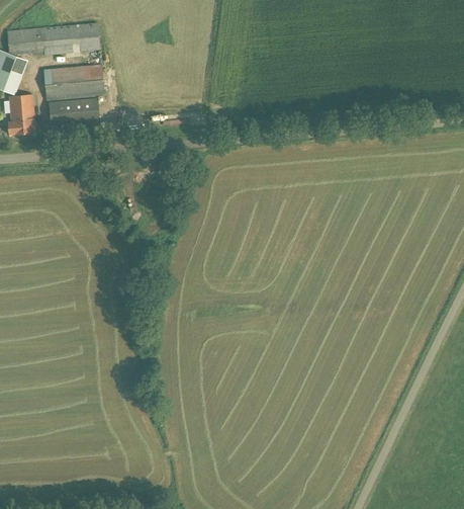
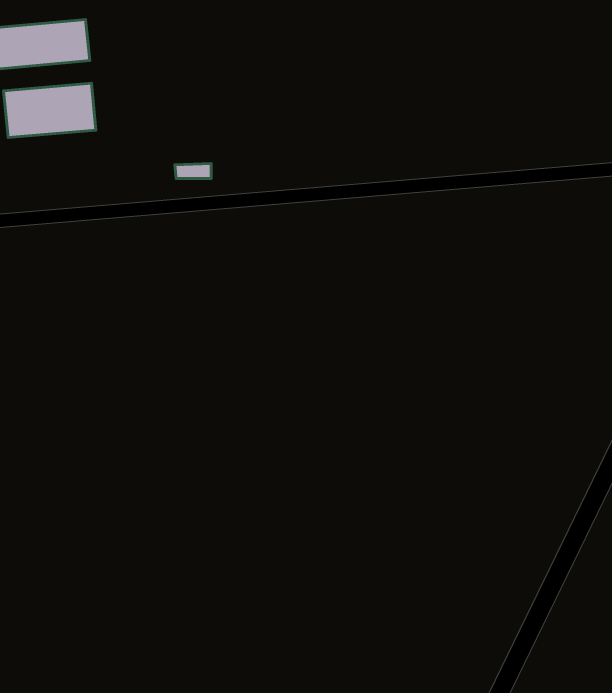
building: [49,97,101,126] -> none

